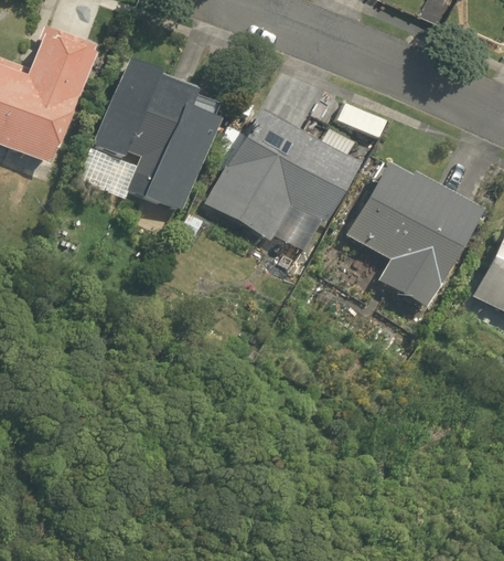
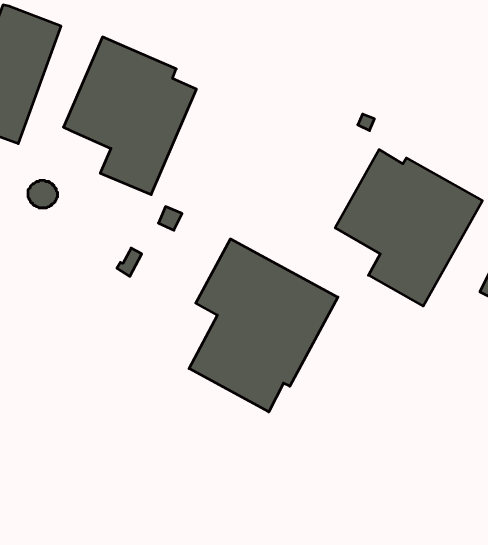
building: [208,112,358,242] -> none
building: none -> [189,239,338,412]

